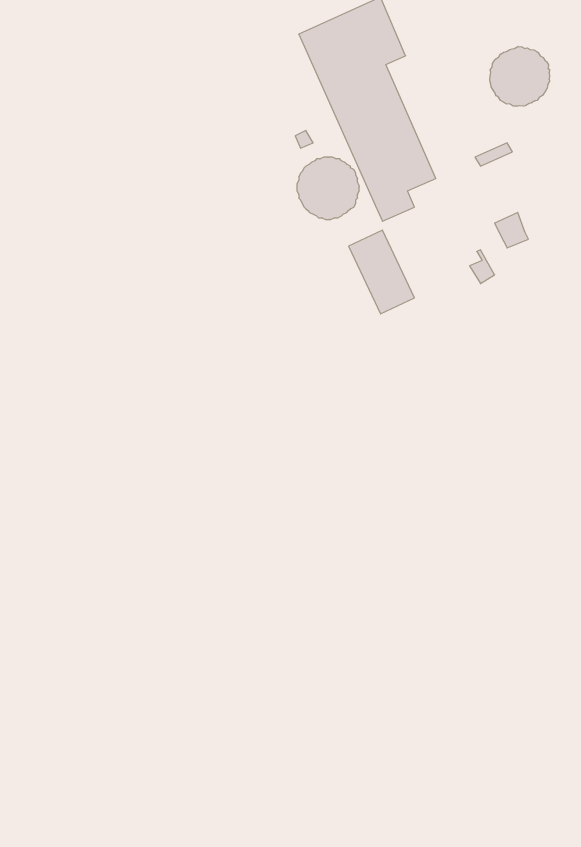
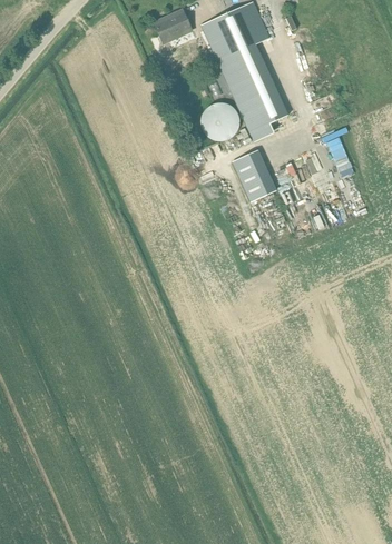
building: none -> [154,9,192,42]
building: [490,46,550,106] -> none

